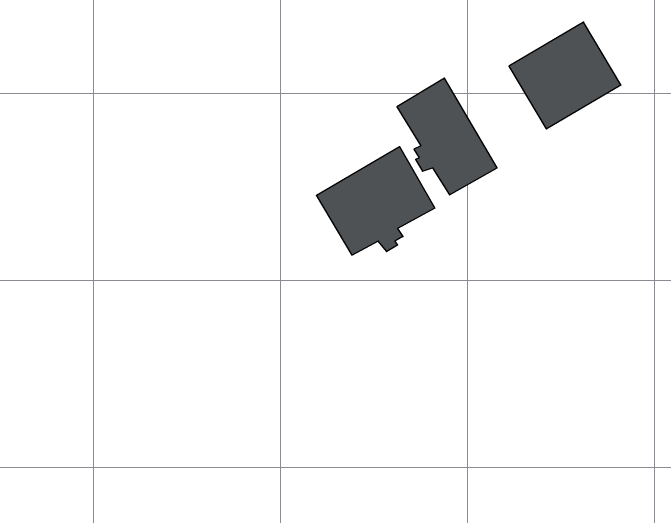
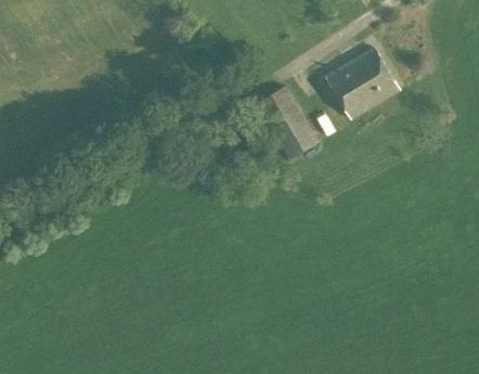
building: [316,147,435,255] -> none

